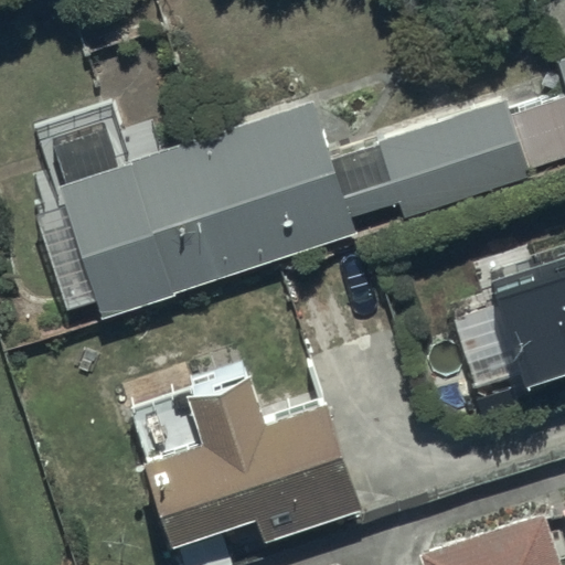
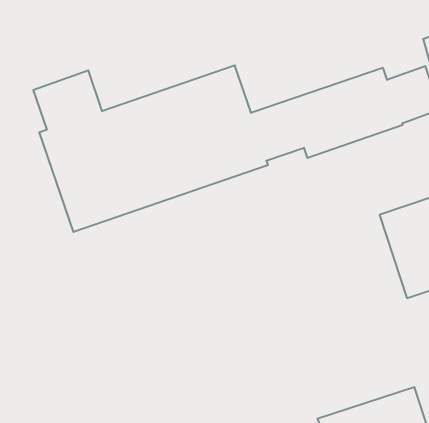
building: [130,371,354,540] -> none

